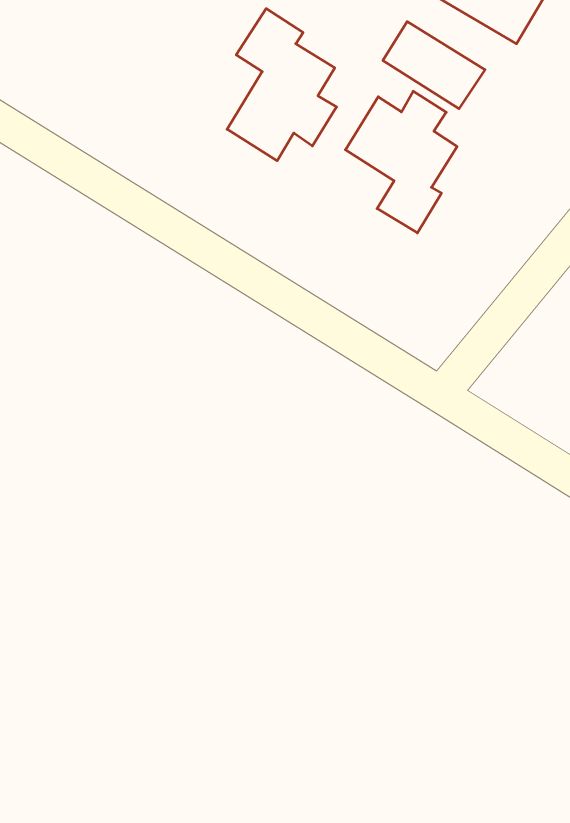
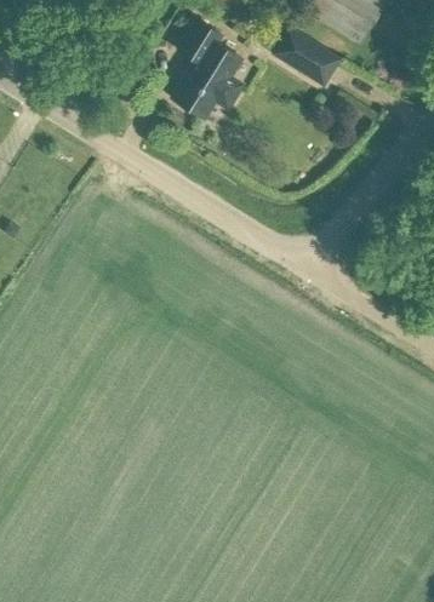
building: [345,91,457,233] -> none

